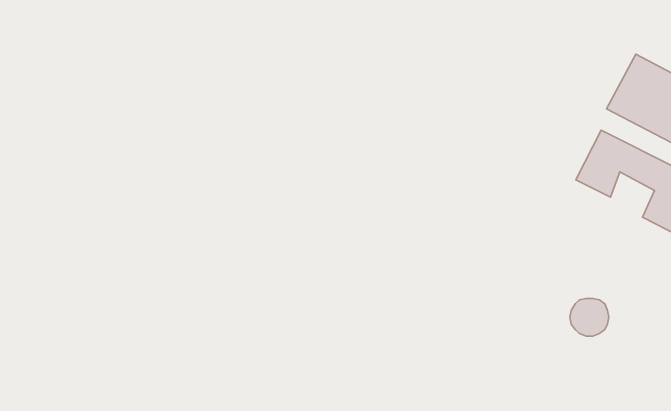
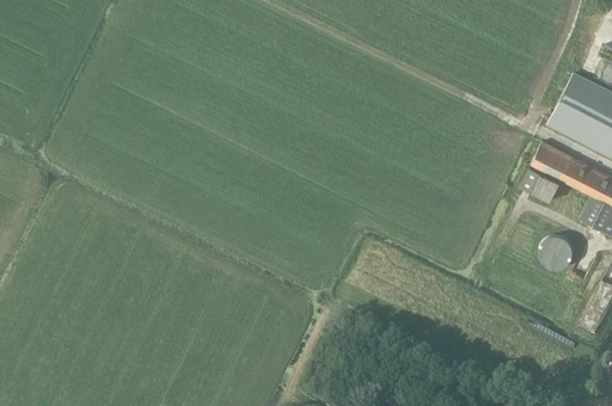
building: [570,299,609,336] -> [539,235,574,269]

